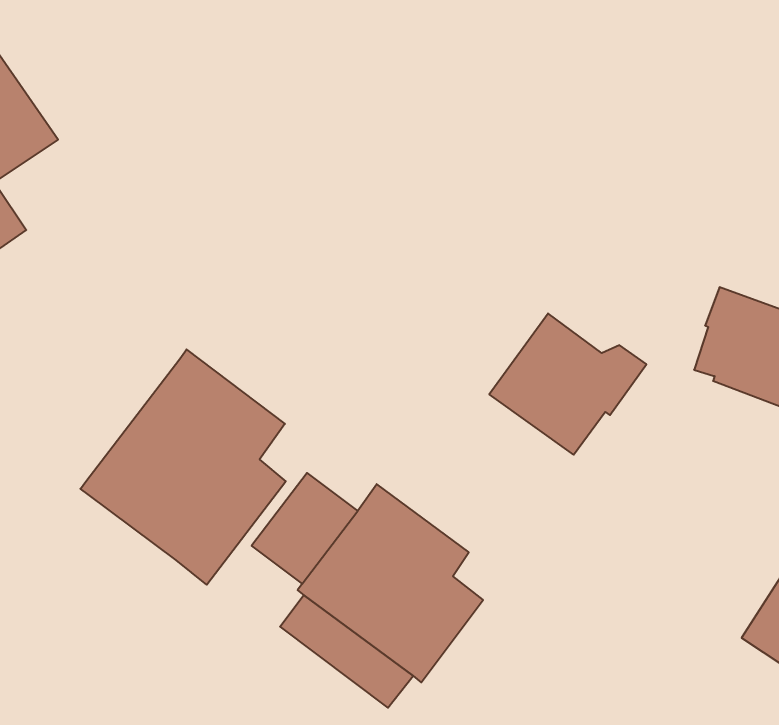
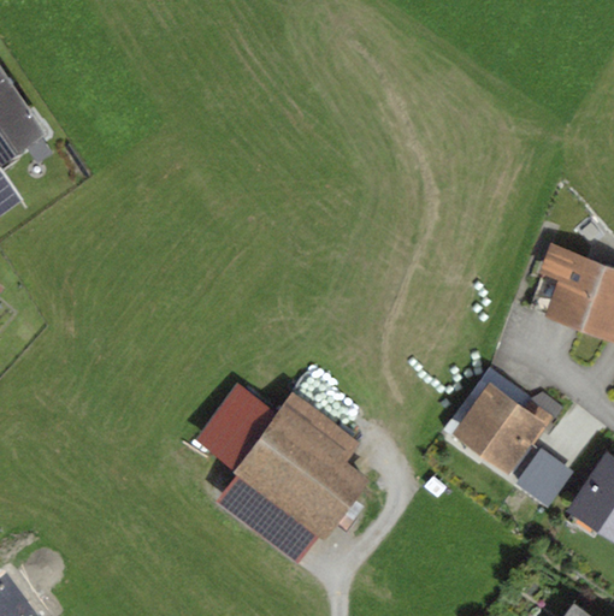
building: [489,313,646,455] -> [444,368,563,475]
building: [80,349,286,585] -> none
building: none -> [514,449,572,507]

